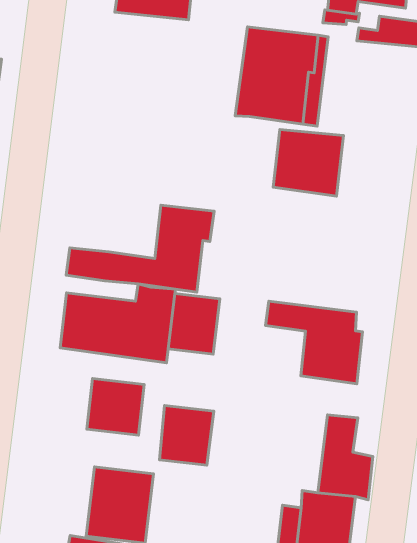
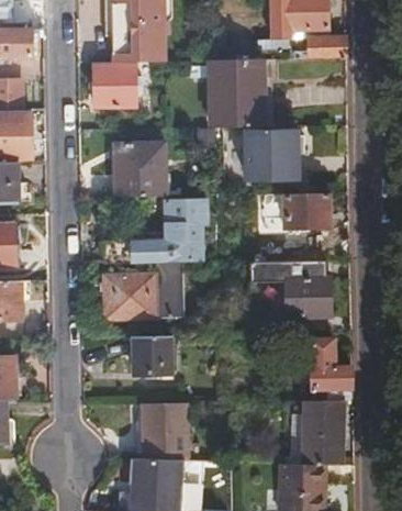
building: none -> [94,65,136,105]
building: none -> [114,142,166,197]
building: none -> [287,195,330,227]
building: [168,293,220,354] -> none
building: [159,406,214,465] -> none

